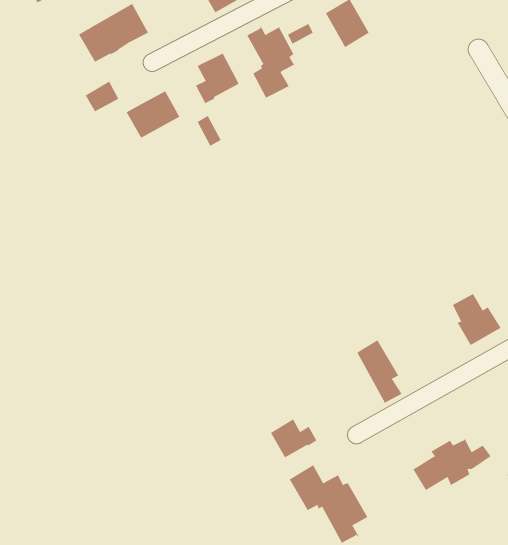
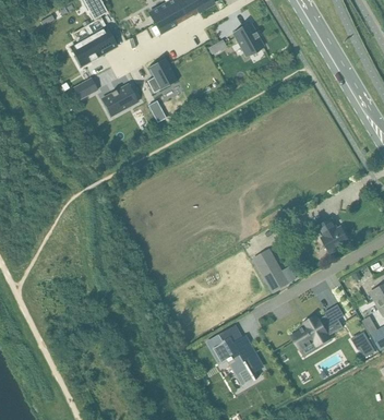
building: [247,25,295,98] -> none
building: [270,419,317,458] -> none

